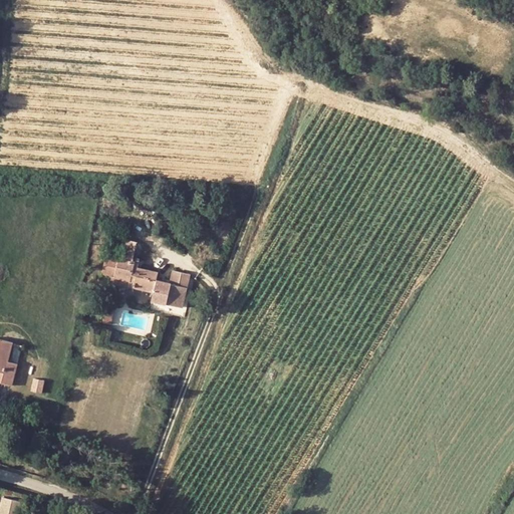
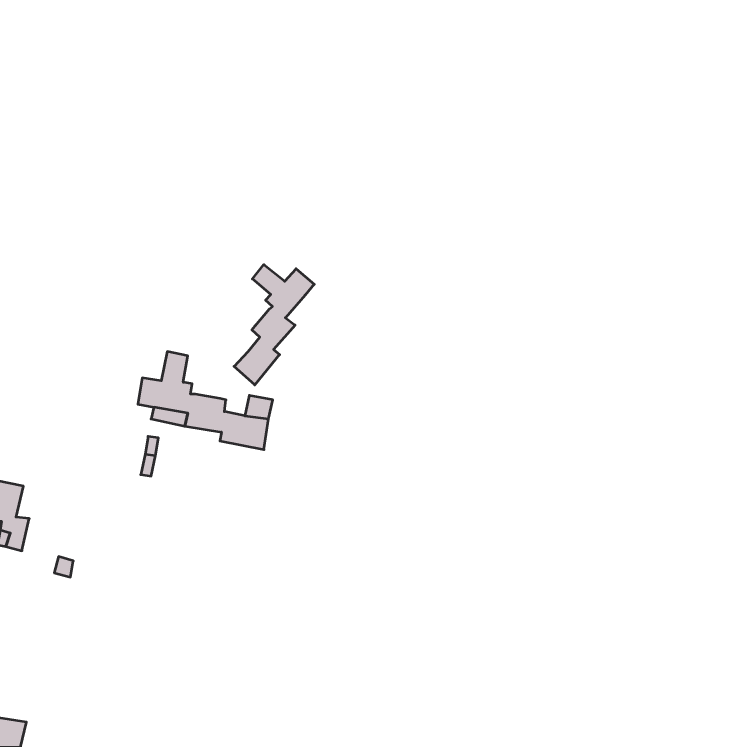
building: none -> [234,265,314,385]

